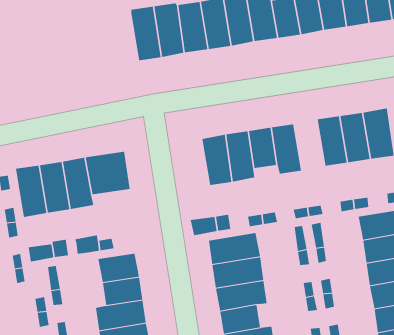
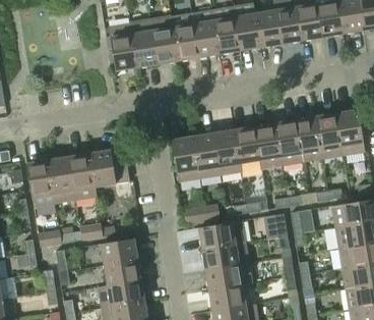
building: none -> [108,24,136,70]
building: none -> [274,119,302,165]
building: none -> [171,137,199,181]

